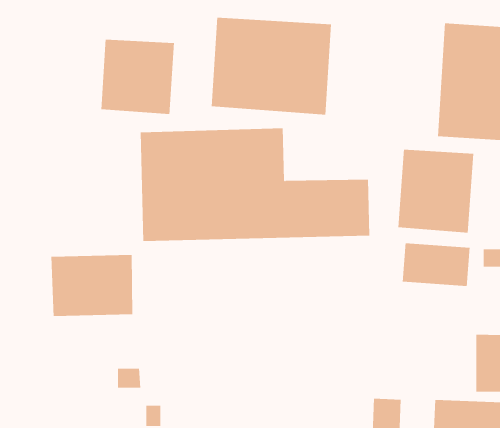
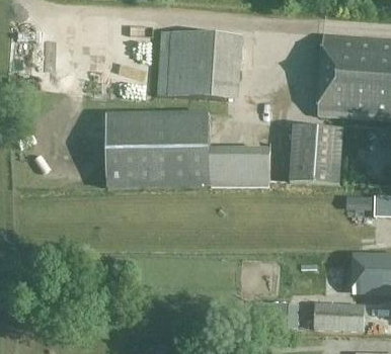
building: [101,39,174,115] -> none
building: [402,243,470,287] -> none
building: [51,254,133,317] -> none

